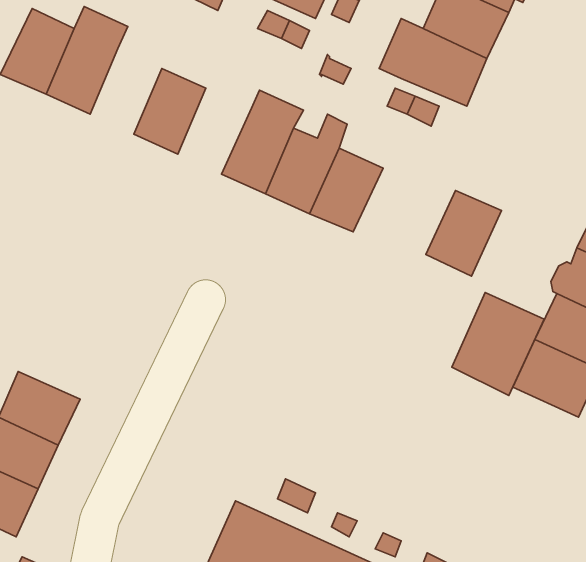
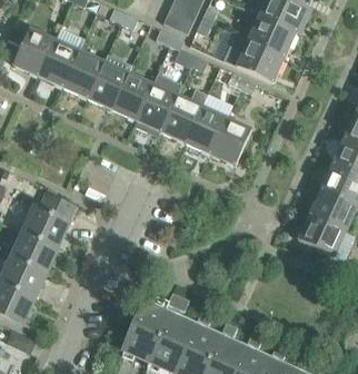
building: none -> [62,50,102,98]
building: none -> [111,72,152,120]
building: [426,191,501,276] -> [209,117,251,165]
building: [452,293,544,396] -> none
building: none -> [22,191,76,246]

